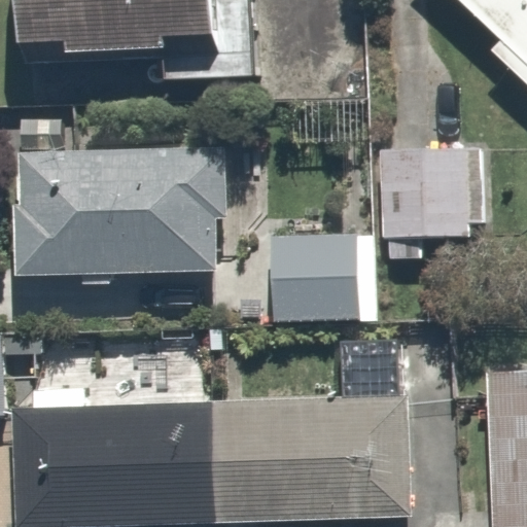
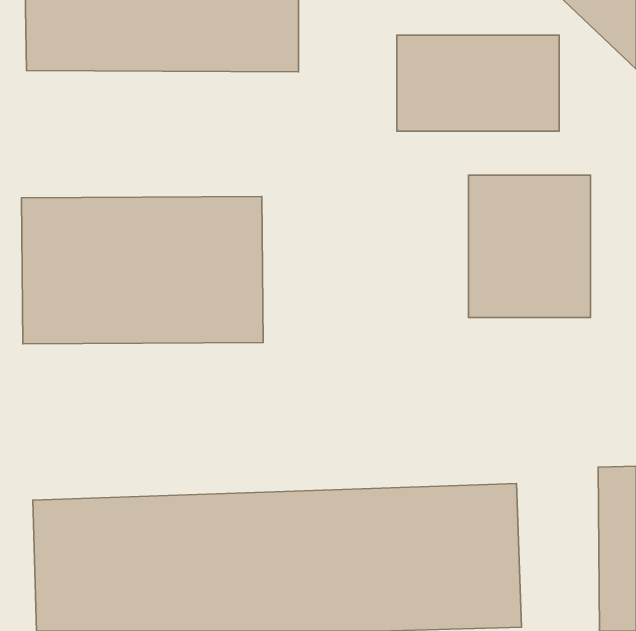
building: none -> [397,35,559,131]
building: [266,232,361,316] -> none

